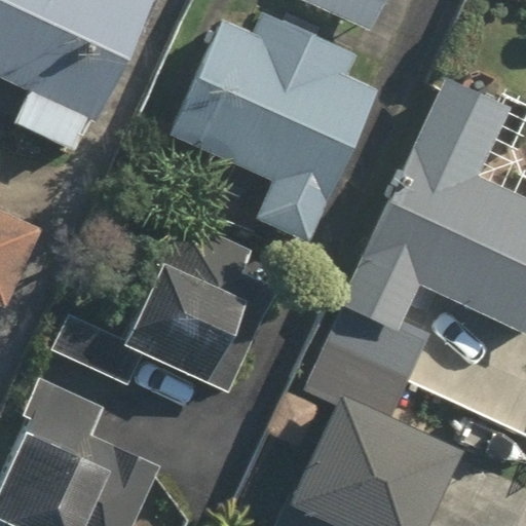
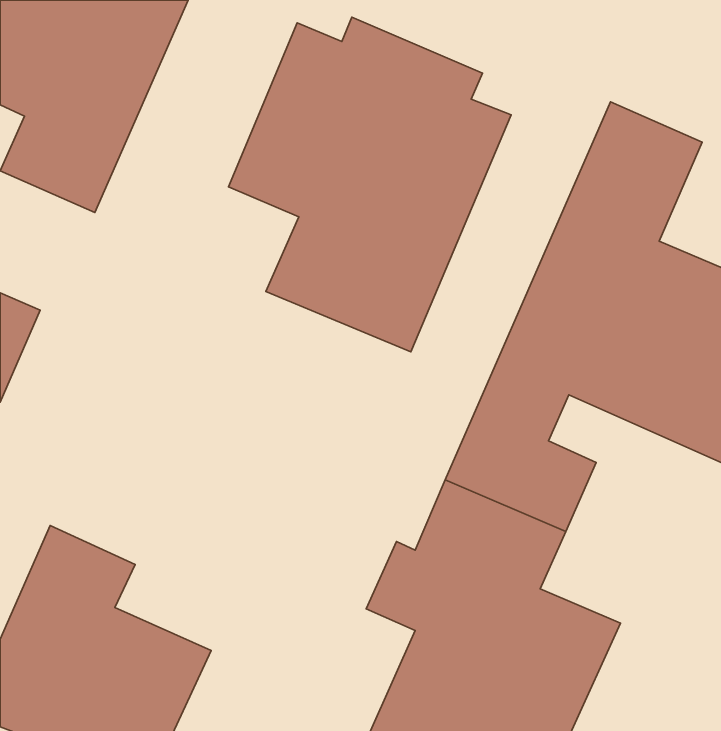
building: [66,219,286,393] -> none

